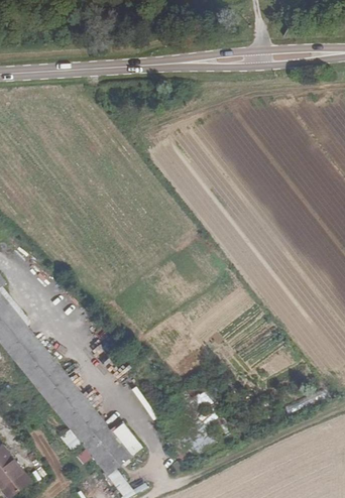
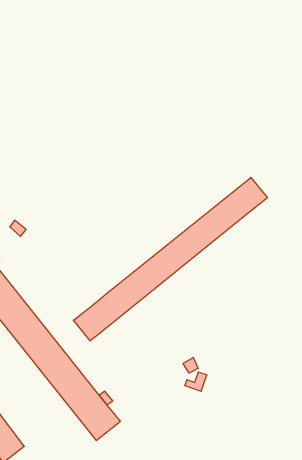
building: none -> [73,177,267,341]

